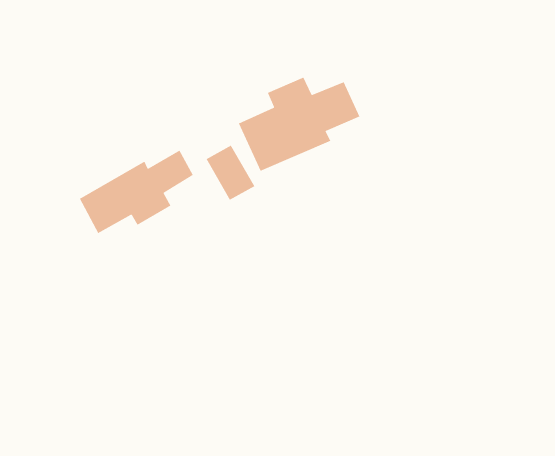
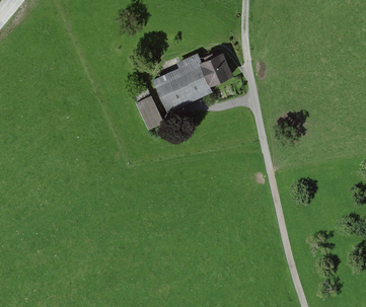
building: [79,149,194,234] -> none

